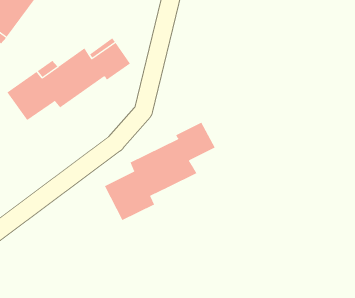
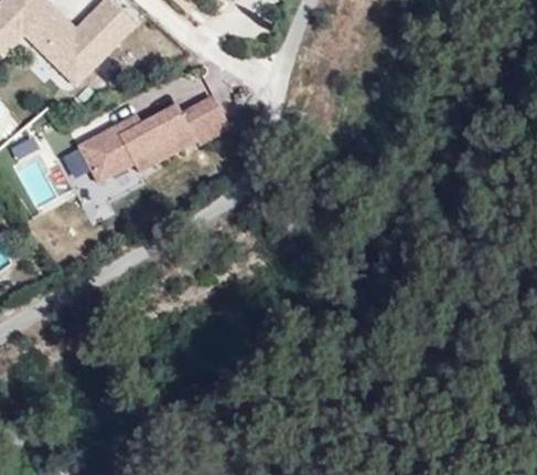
building: [104,122,216,221] -> none

